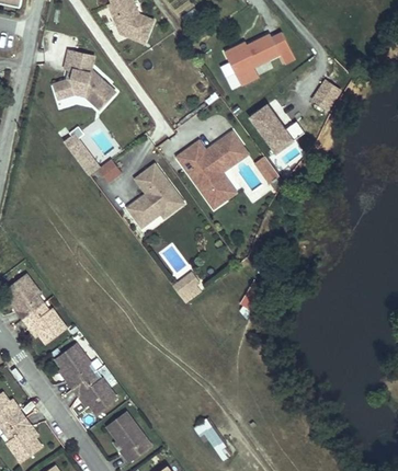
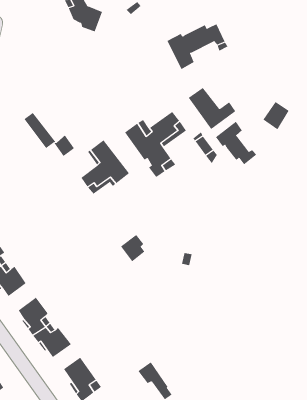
building: [54,50,114,108] -> none
building: [310,79,341,112] -> [262,101,290,130]
building: none -> [215,121,257,165]

